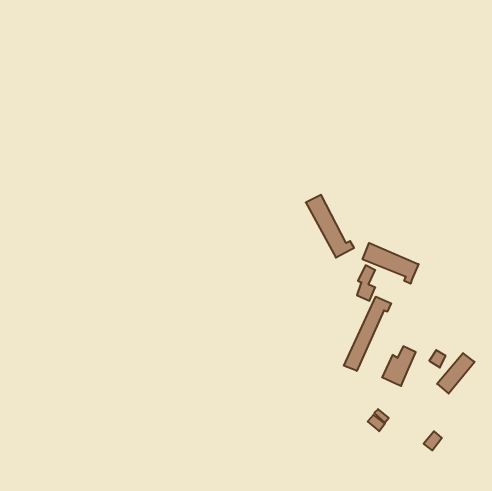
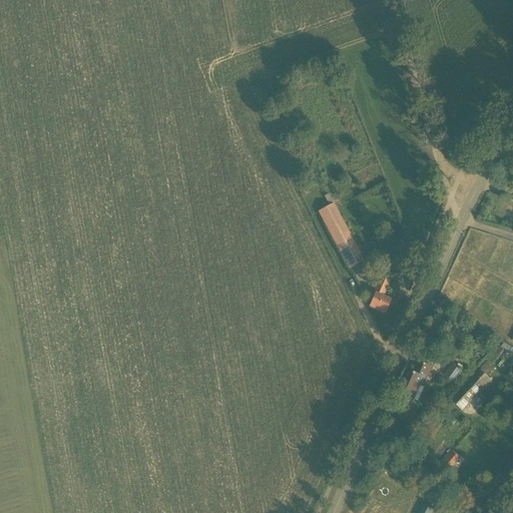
building: [363,243,419,284] -> none
building: [344,297,391,371] -> none

